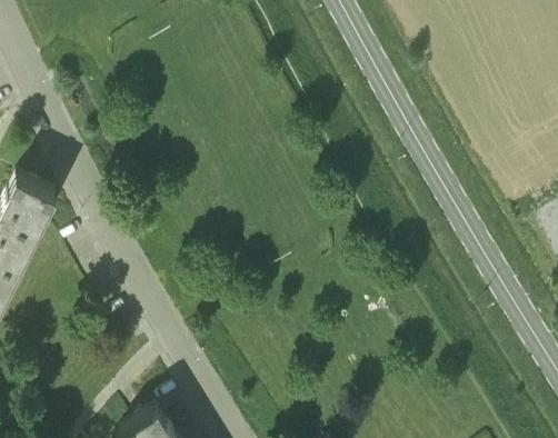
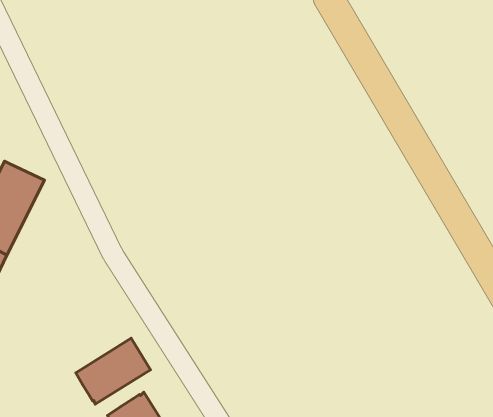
building: none -> [76,338,150,404]

